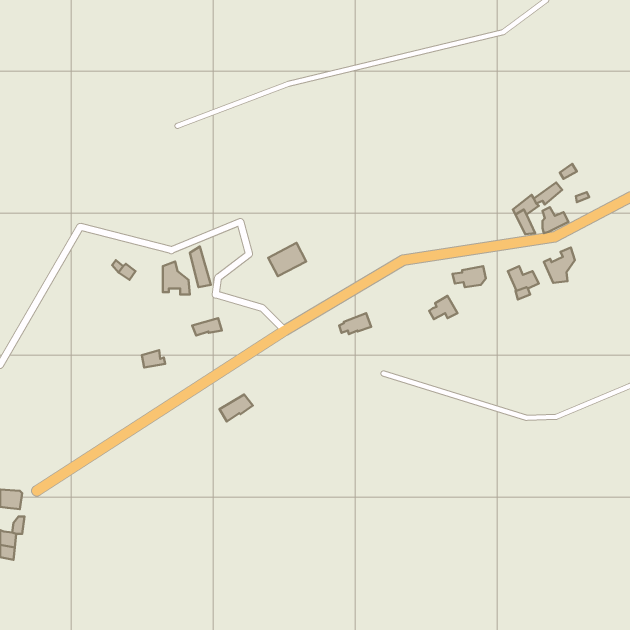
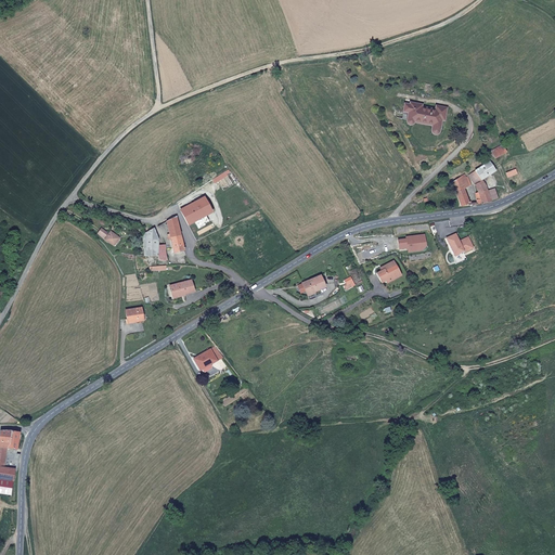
building: none -> [405,102,449,134]
building: [268,243,306,276] -> [180,196,214,225]
building: [544,247,575,283] -> none

